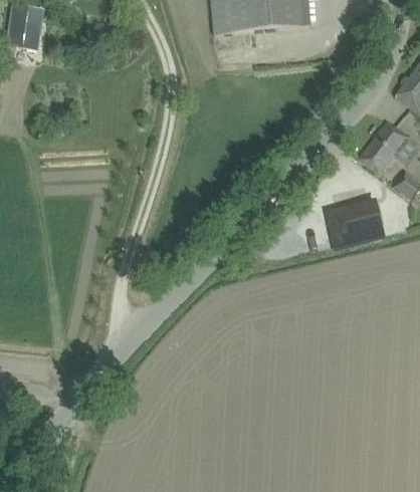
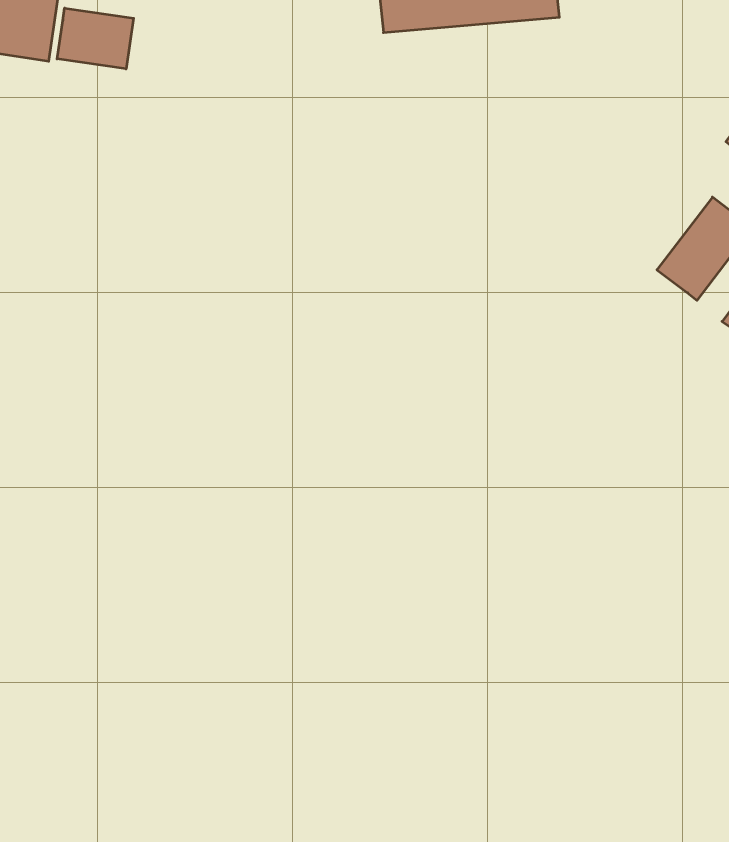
building: none -> [57,8,134,69]
building: [331,202,384,244] -> none

